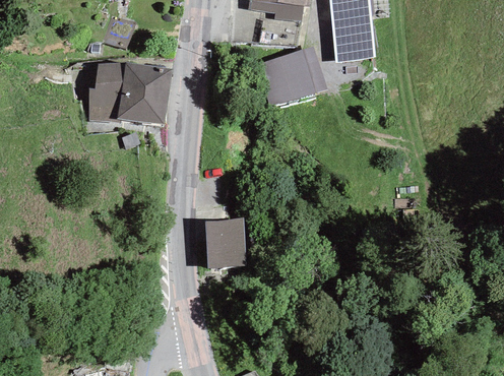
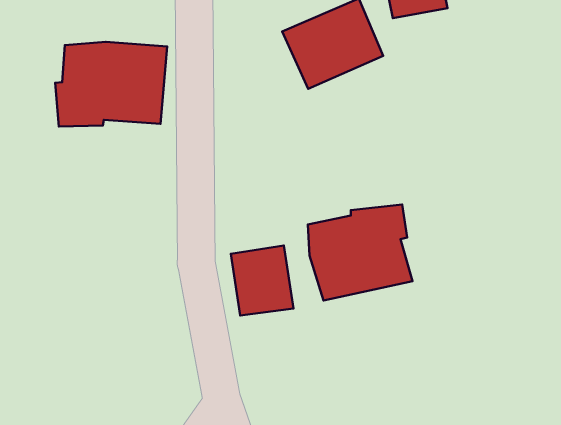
building: none -> [308,204,413,301]

